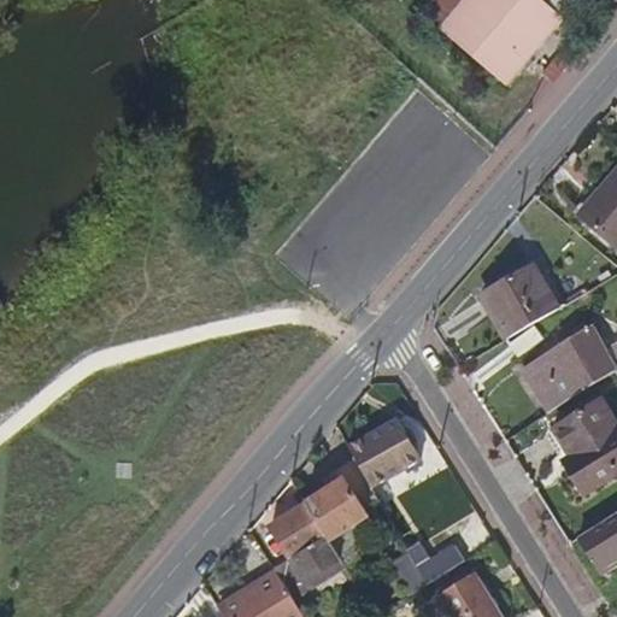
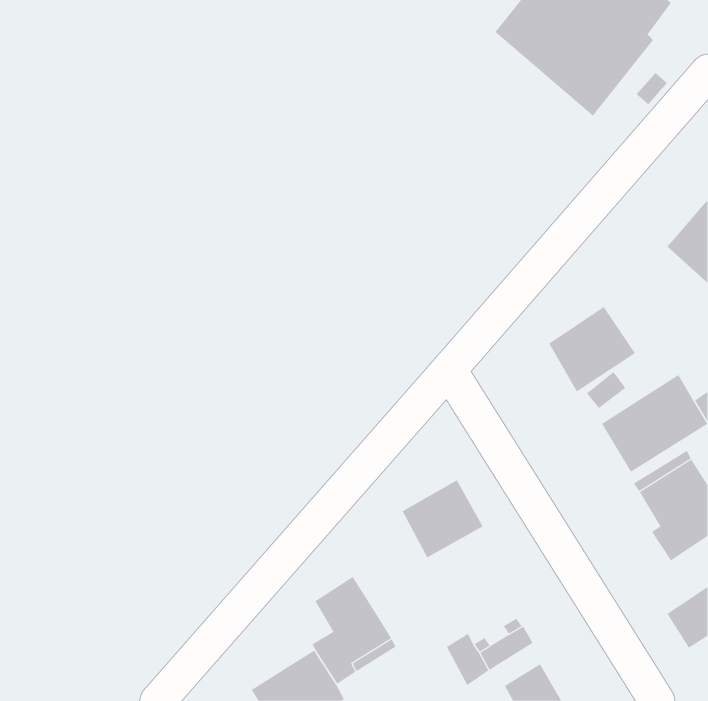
building: [307,481,365,537] -> none

